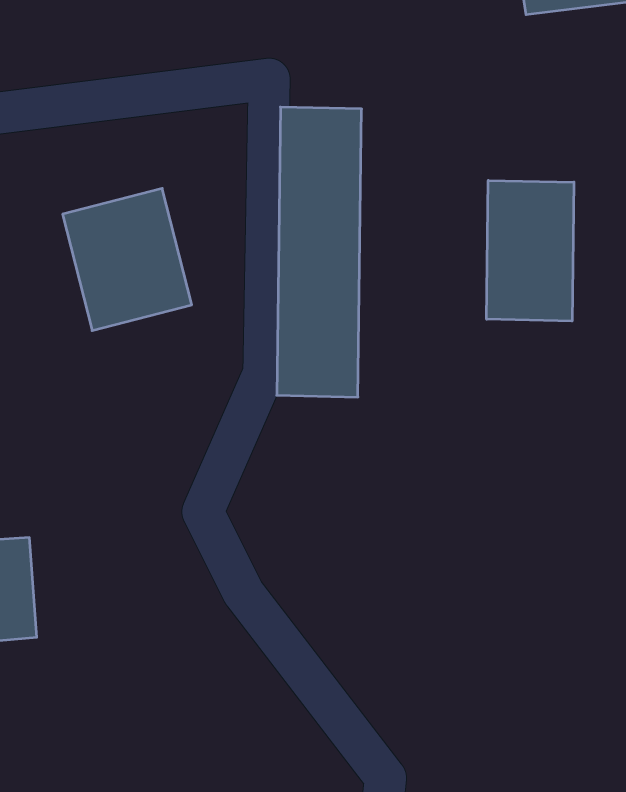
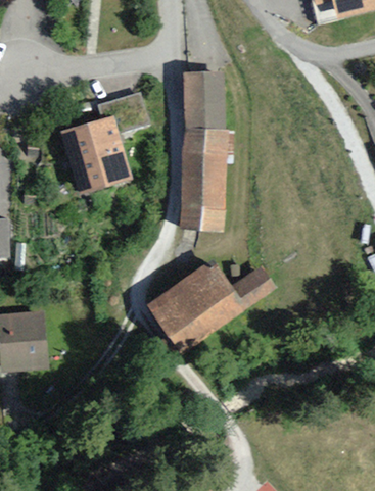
building: [487,180,574,321] -> none
building: none -> [146,259,275,350]

